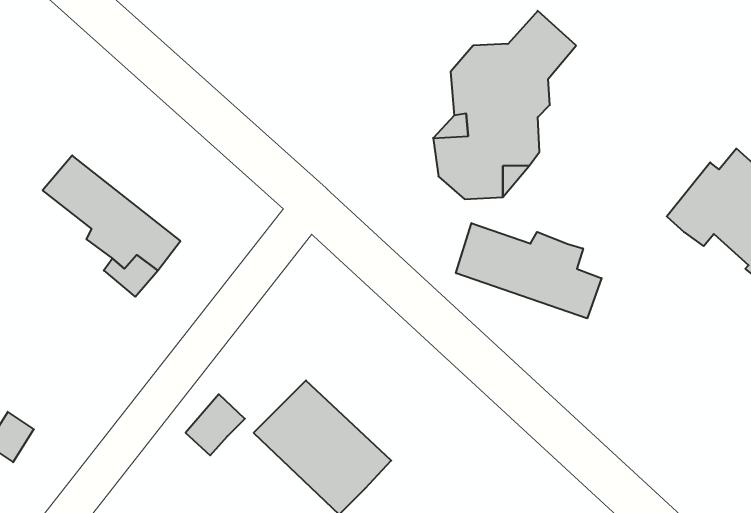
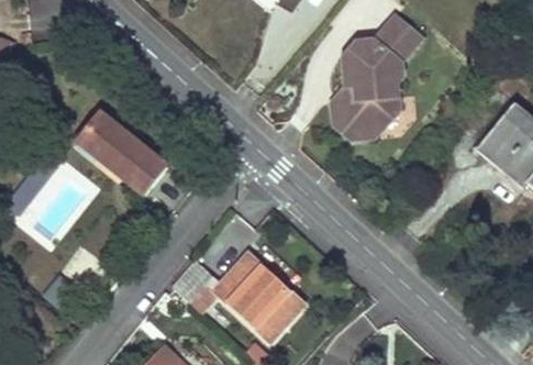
building: [456,223,602,318] -> none

